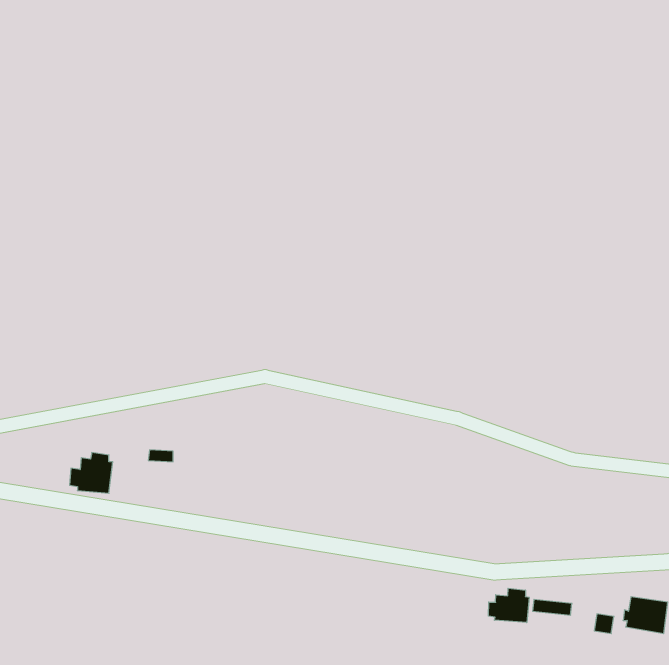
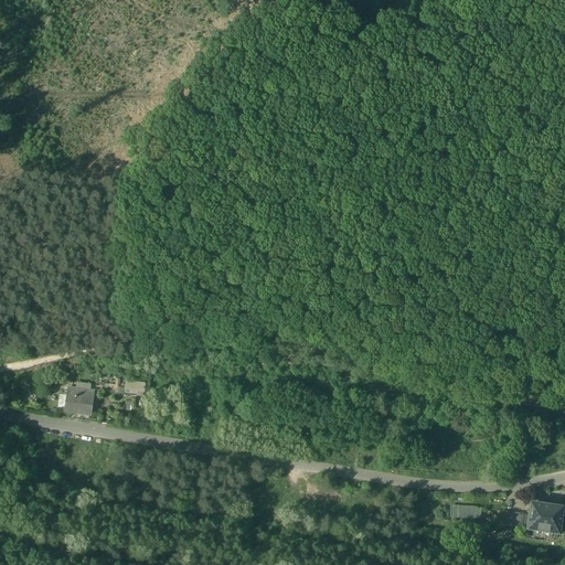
building: [489,588,529,623] -> none

